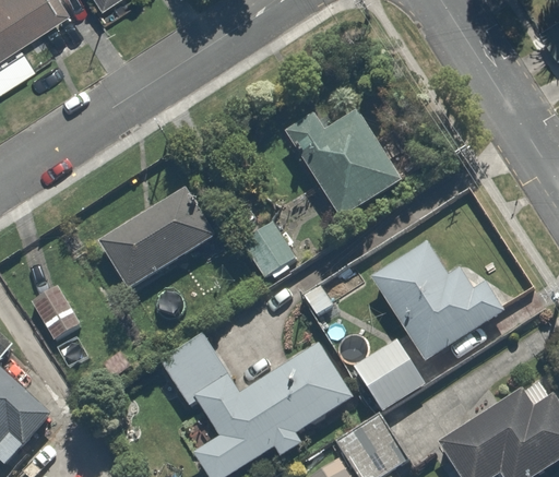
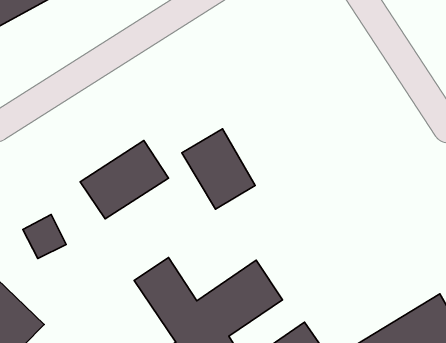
building: [298,111,407,223] -> none
building: [371,239,513,365] -> none
building: [355,338,417,397] -> none

